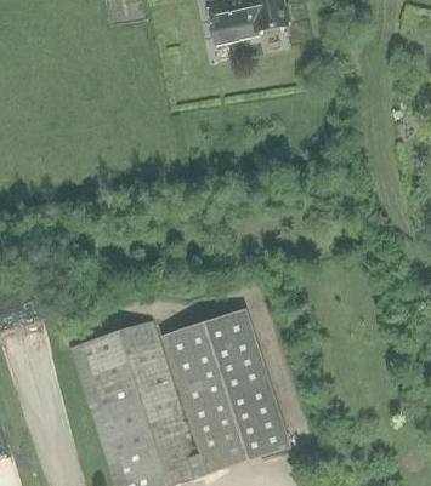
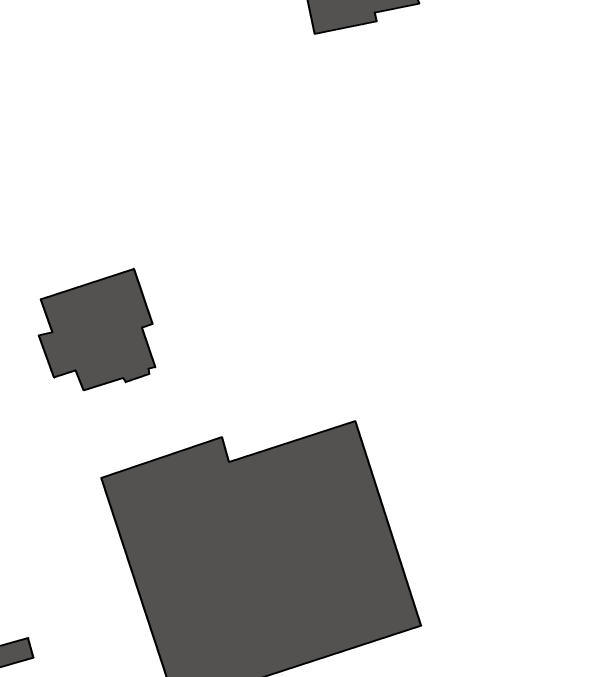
building: none -> [39,269,155,390]

